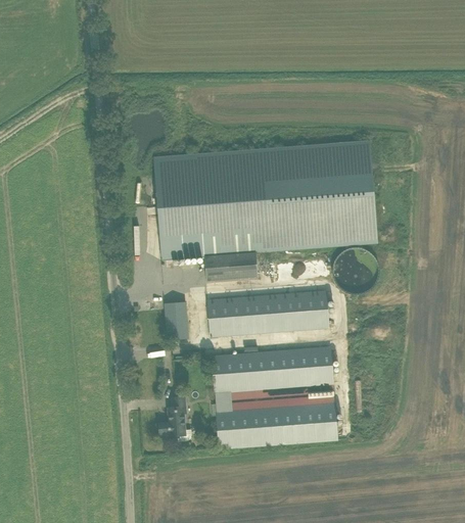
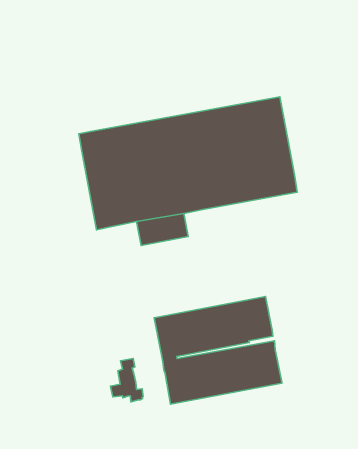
building: [207,291,328,336] -> none
building: [165,301,188,339] -> none

